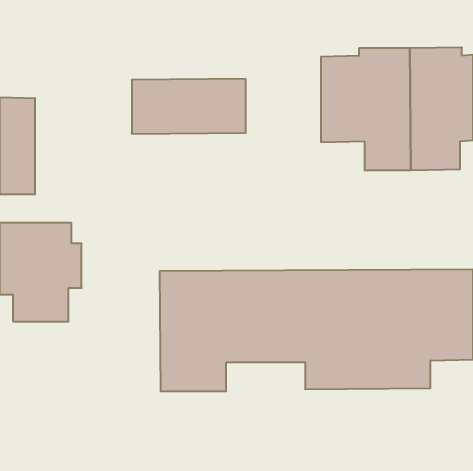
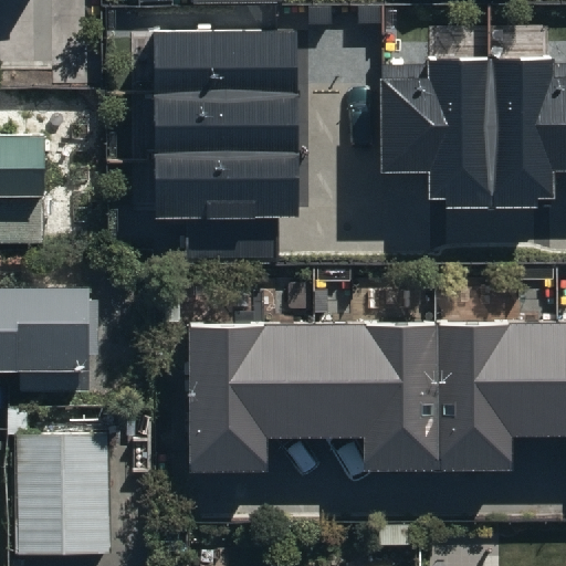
building: none -> [157,34,293,99]
building: none -> [157,163,293,229]
building: none -> [12,426,107,549]

